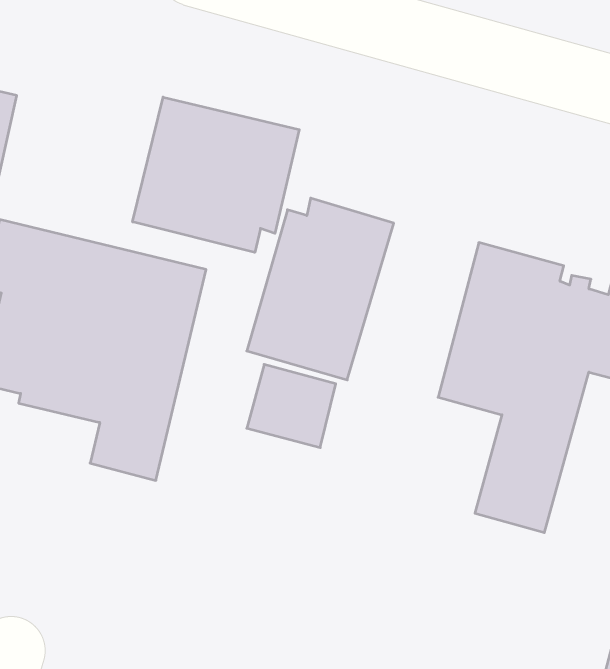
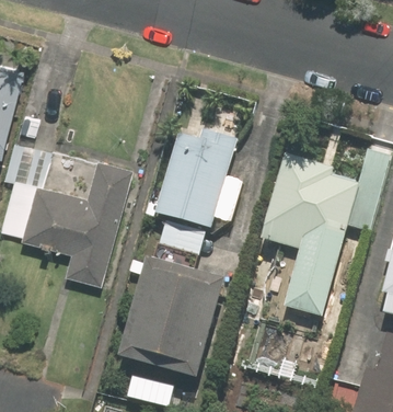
building: [133,97,299,252] -> none
building: none -> [117,261,221,379]

